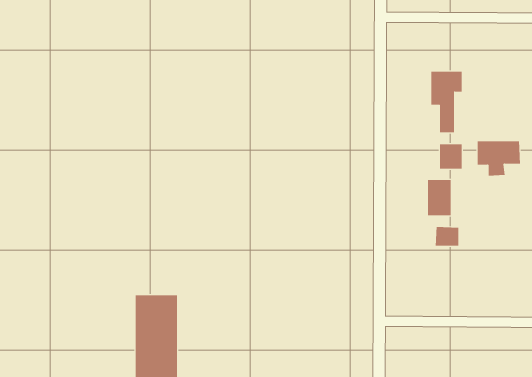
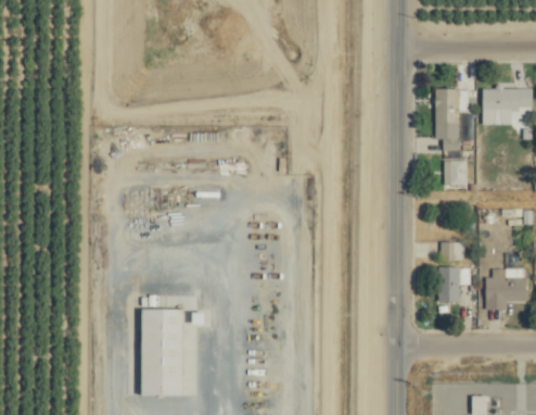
building: [477,141,521,176] -> [484,89,527,124]
building: [427,179,452,216] -> [437,267,461,303]
building: none -> [485,278,526,310]

